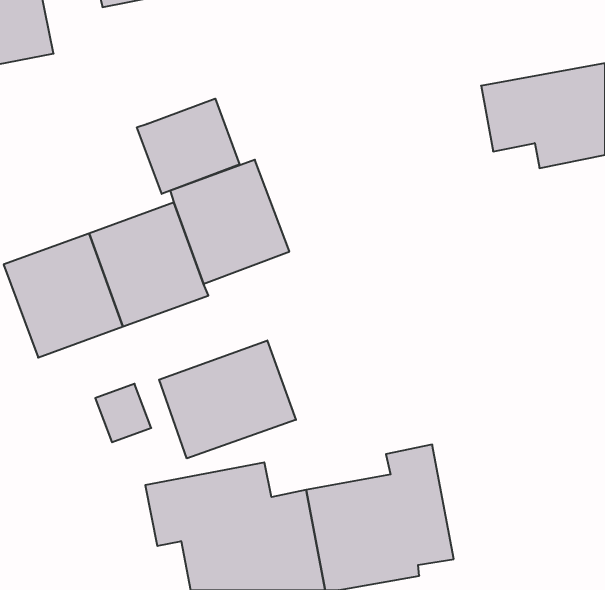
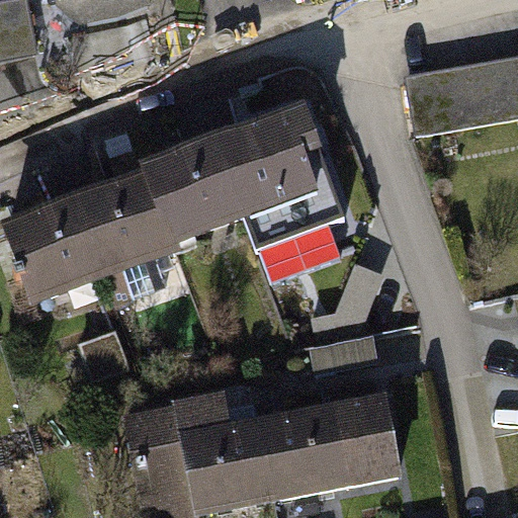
building: [137,99,240,194] -> none
building: none -> [217,109,350,234]
building: [159,340,296,458] -> none

